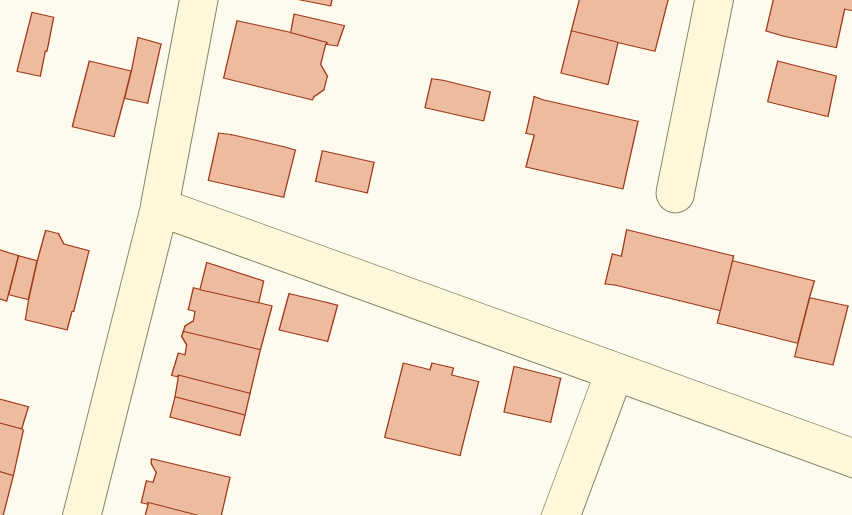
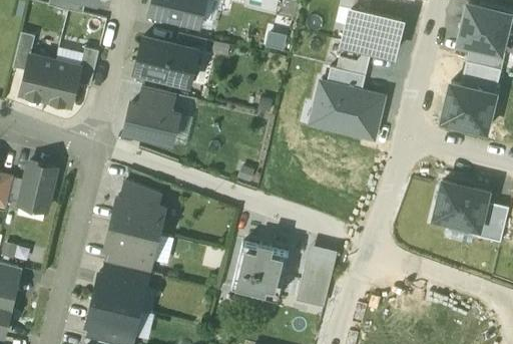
building: none -> [466,47,505,71]
building: none -> [20,56,55,101]
building: [425,79,490,121] -> [326,68,365,93]
building: none -> [441,84,496,133]
building: [315,151,374,193] -> [140,88,175,113]
building: [605,230,734,311] -> none
building: [279,293,338,342] -> none
building: none -> [297,272,331,305]
building: none -> [92,274,145,311]

